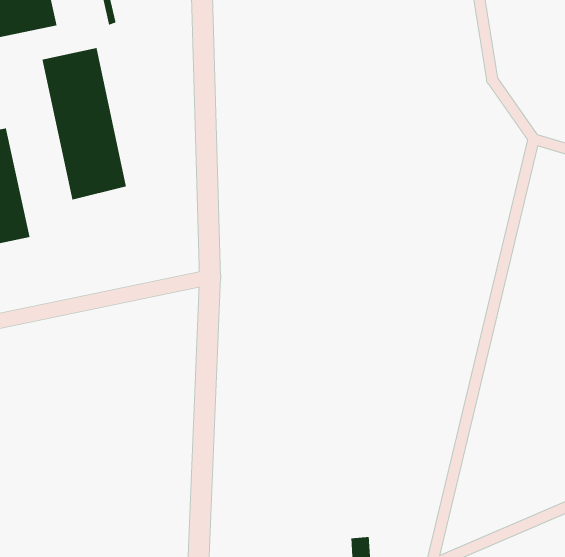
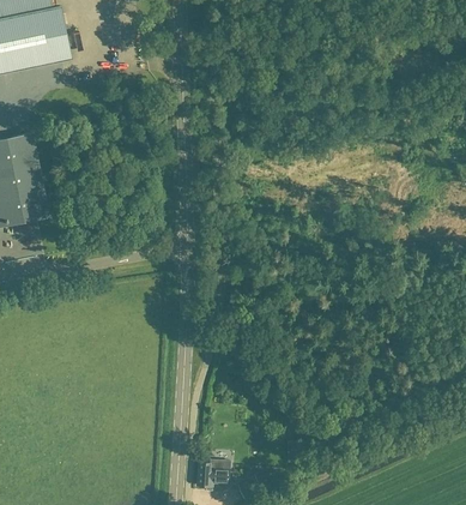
building: [41,47,127,200] -> none

